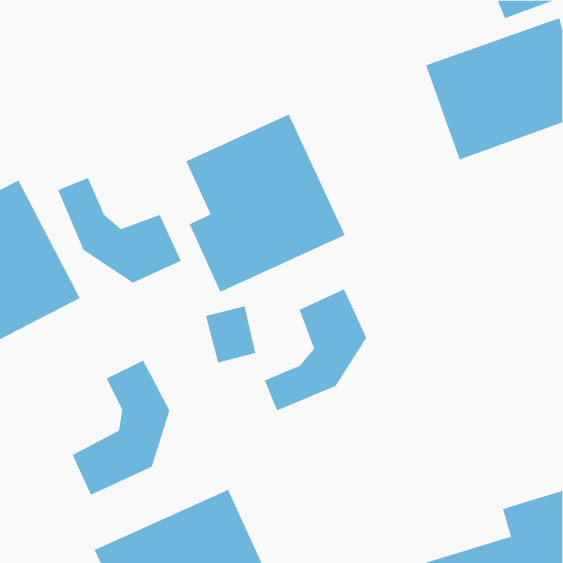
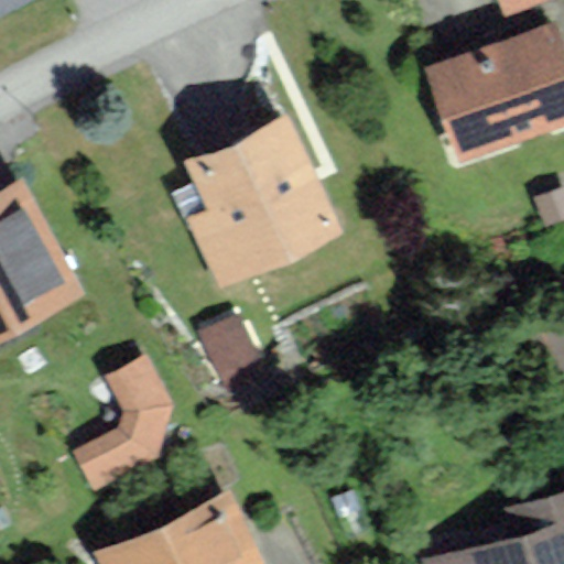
building: [58,177,181,283] -> none
building: [264,289,367,411] -> none

